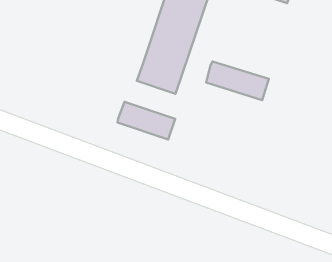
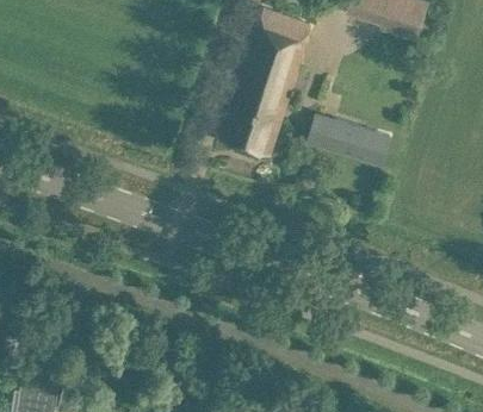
building: [117,102,175,140] -> none

